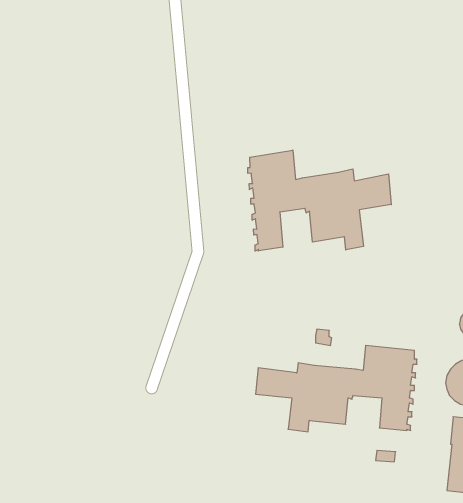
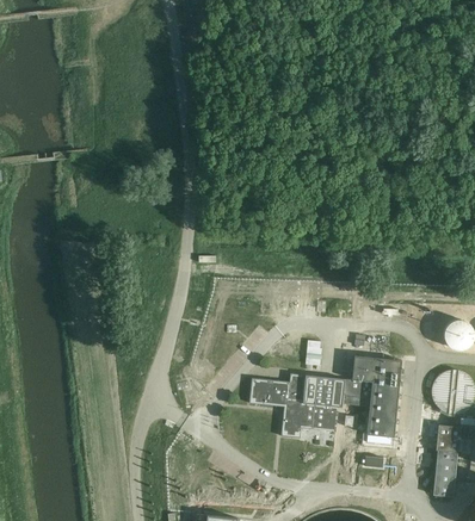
building: [248,150,391,251] -> none

